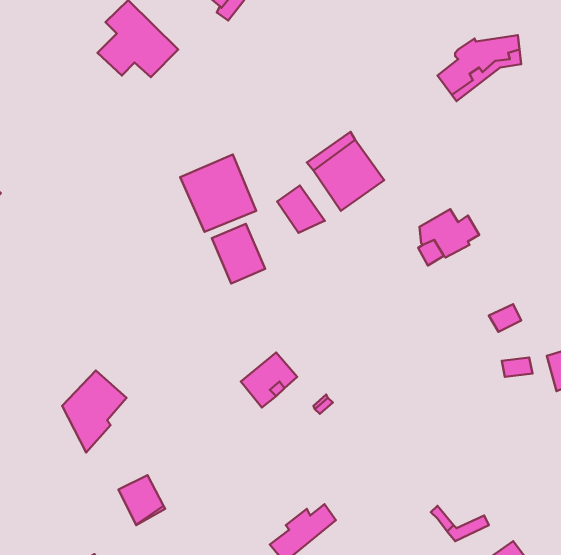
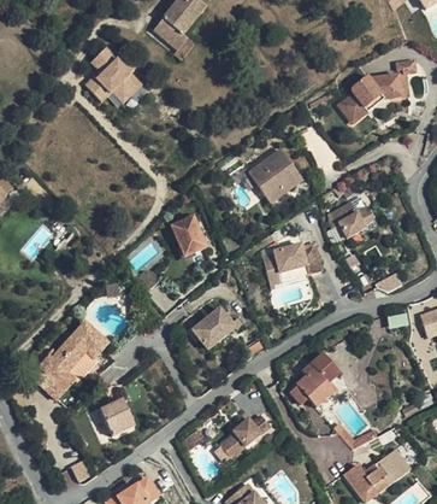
building: [180,155,256,232] -> none
building: [277,185,325,233] -> none
building: none -> [272,242,320,280]
building: none -> [30,347,77,398]
building: none -> [289,352,341,406]

